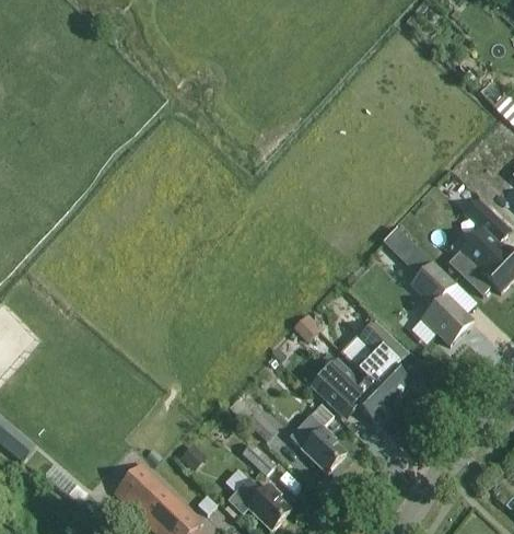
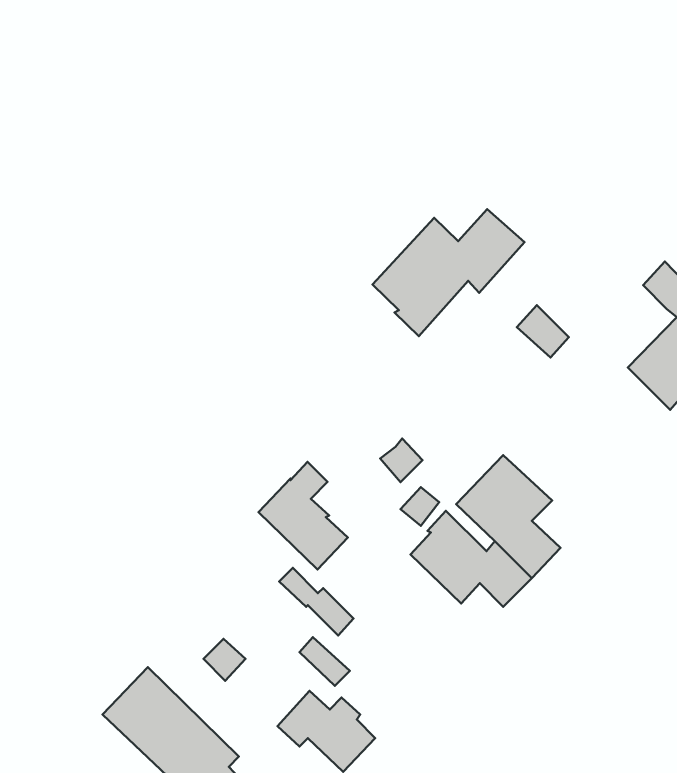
building: none -> [372,209,524,336]
building: [410,260,471,344] -> none
building: [288,402,346,472] -> [259,462,348,569]

